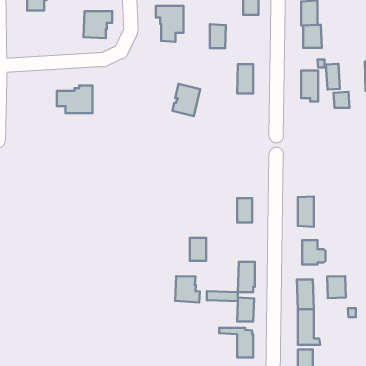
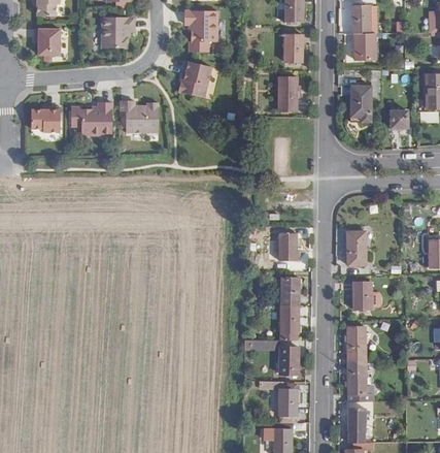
building: none -> [34,28,60,55]
building: [210,24,226,48] -> [284,34,303,62]
building: [326,64,340,89] -> none
building: none -> [120,100,158,132]
building: [172,84,200,116] -> [178,60,210,97]
building: none -> [30,106,60,131]
building: [190,238,206,261] -> [280,279,299,305]
building: [175,276,200,303] -> none
building: [327,276,346,298] -> none

